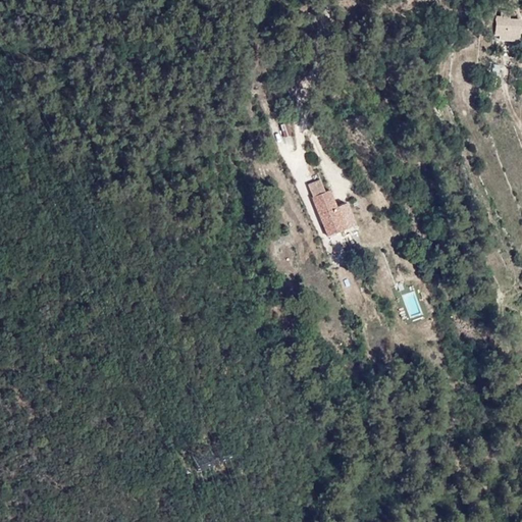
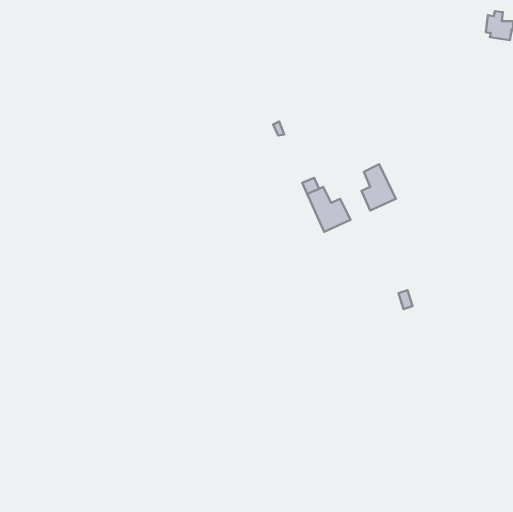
building: none -> [361,164,396,210]

